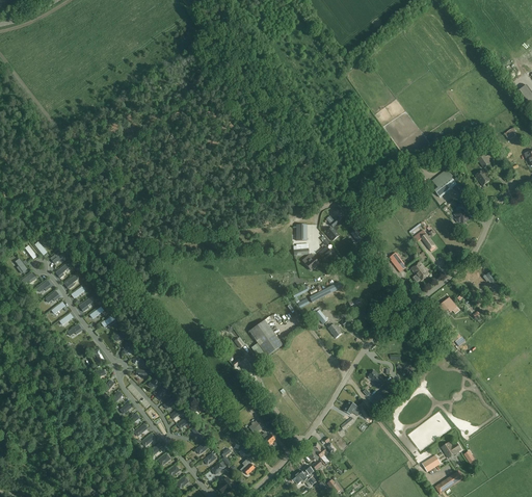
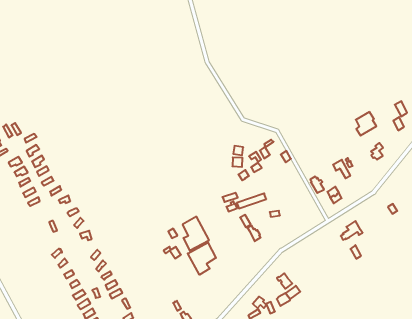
building: none -> [188,242,216,275]

